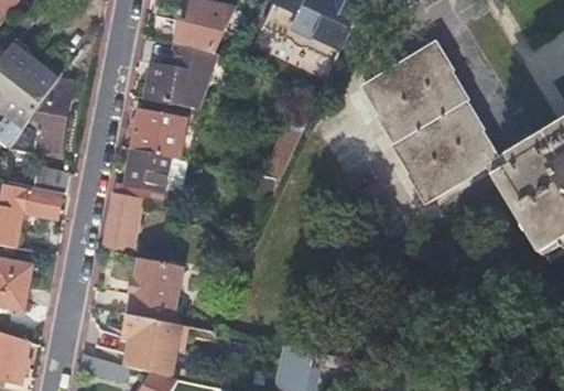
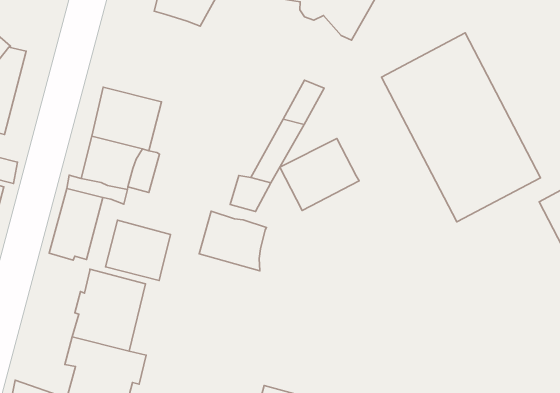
building: [144,43,215,107] -> none
building: none -> [280,139,359,210]
building: none -> [199,211,267,271]
building: none -> [106,220,171,280]

